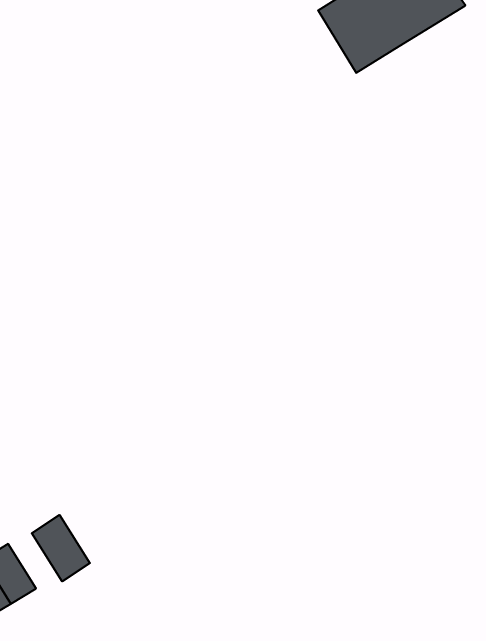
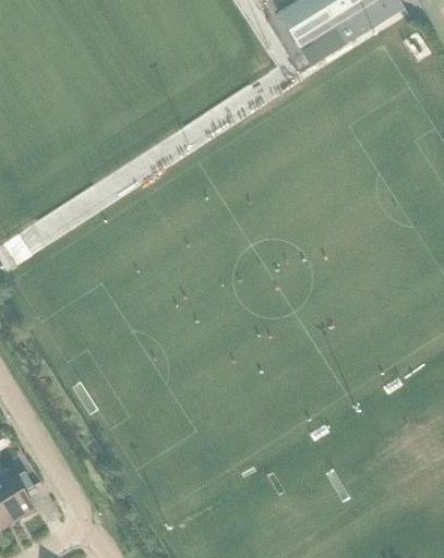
building: [32,515,90,581] -> none

